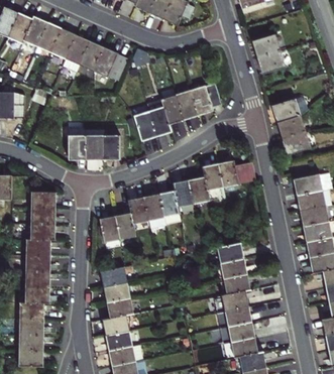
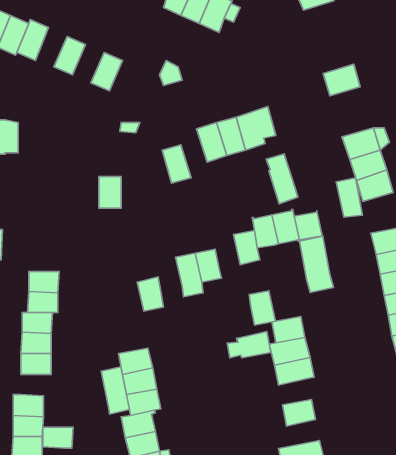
building: [36,21,61,51] -> none
building: [251,33,280,56] -> none
building: [62,34,89,71] -> none
building: [93,46,126,80] -> none
building: [145,98,170,136] -> [266,154,298,204]
building: [67,127,85,159] -> none
building: [102,135,119,159] -> none
building: none -> [336,178,363,217]
building: [173,179,193,206] -> [249,291,275,325]
building: none -> [300,236,334,292]
building: [31,191,54,208] -> none
building: [127,197,148,223] -> none
building: [98,216,119,241] -> none
building: none -> [101,367,129,414]
building: [25,286,48,302] -> [43,427,73,448]
building: [214,289,247,309] -> [227,331,271,358]
building: [220,321,253,343] -> none

